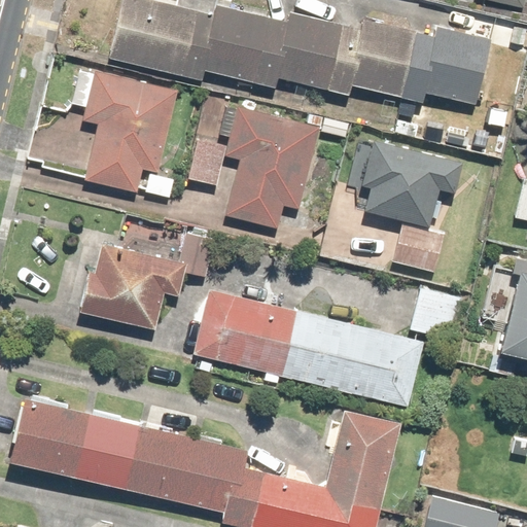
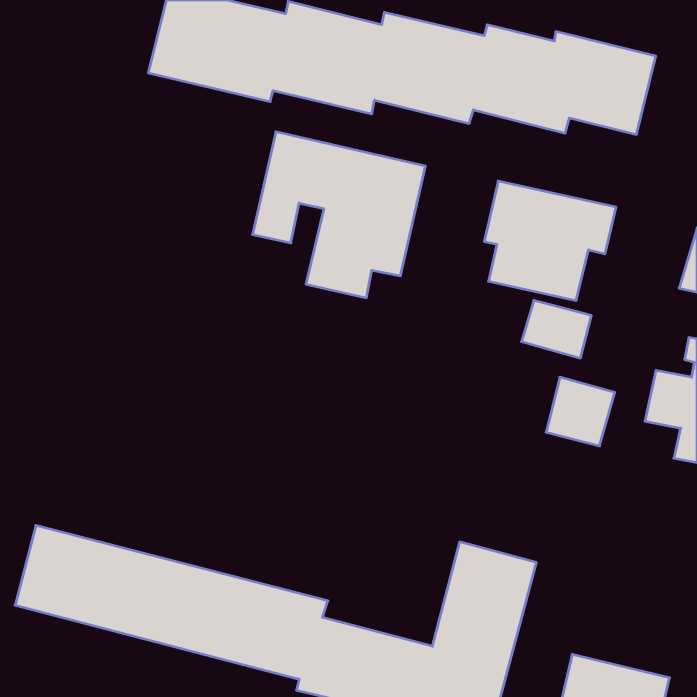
building: [71,68,178,190] -> none
building: [79,230,214,322] -> none
building: [196,292,420,406] -> none

